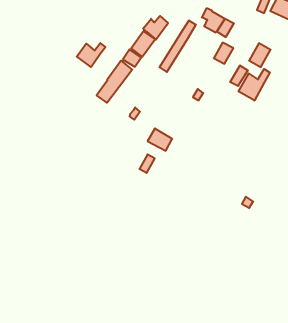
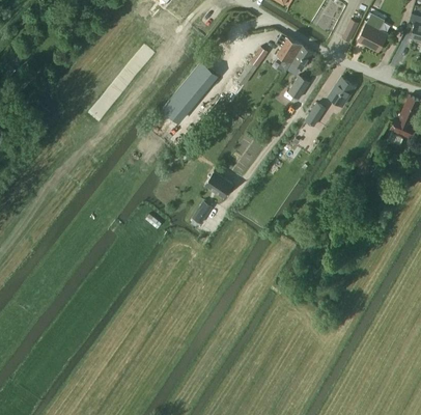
building: [143,16,168,40] -> none
building: [77,43,105,67] -> none
building: [239,69,270,101] -> none

